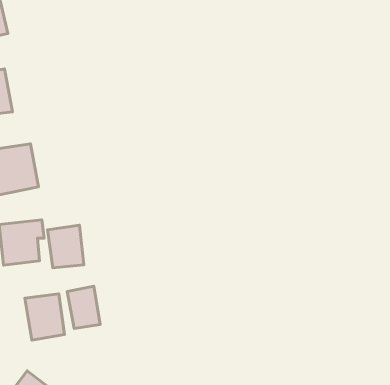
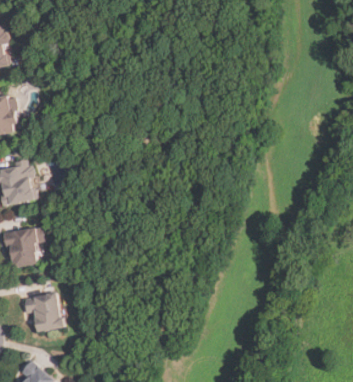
building: [48,225,84,268] -> none
building: [67,286,100,328] -> none

